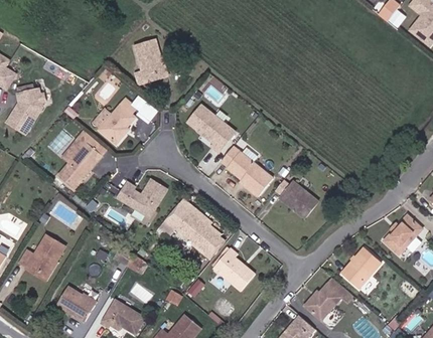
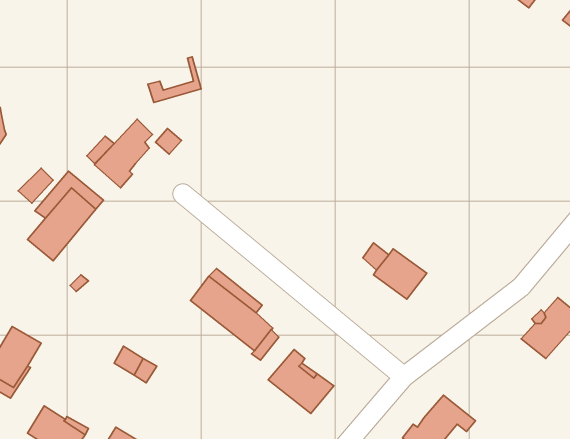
building: [135,40,165,77] -> none
building: [190,105,237,151] -> none
building: [223,146,274,196] -> none
building: [116,178,165,215] -> none
building: [340,248,380,289] -> none

